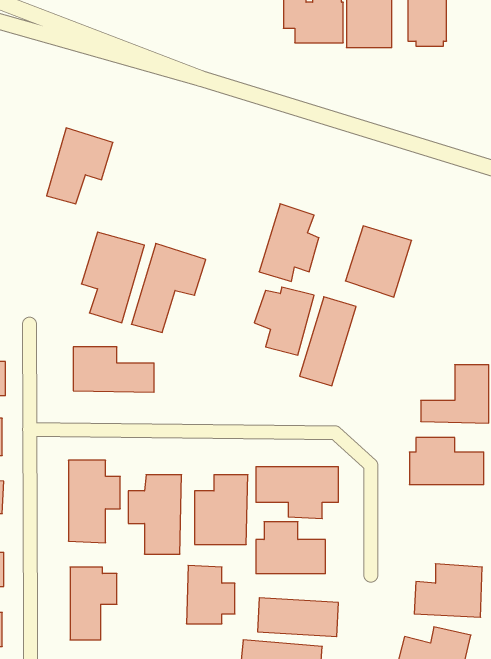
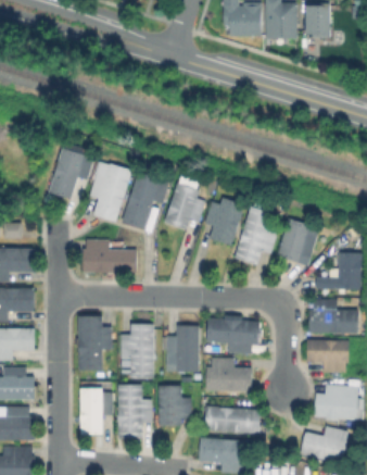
building: [47,128,113,204] -> [50,146,94,197]
building: [259,204,319,281] -> [164,179,204,232]
building: [345,226,412,297] -> [276,218,320,266]
building: none -> [305,340,350,373]
building: none -> [117,386,150,438]

